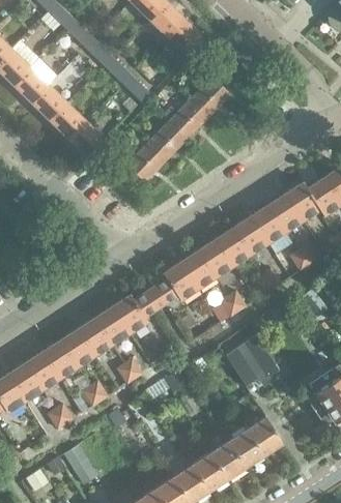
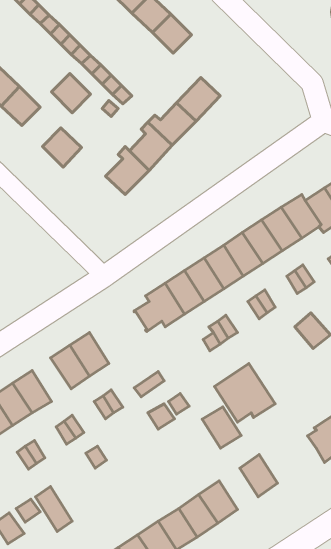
building: [50,103,85,139] -> [51,74,90,113]
building: [111,292,157,334] -> none
building: [59,329,94,368] -> none
building: [228,428,263,466] -> [202,407,241,448]

